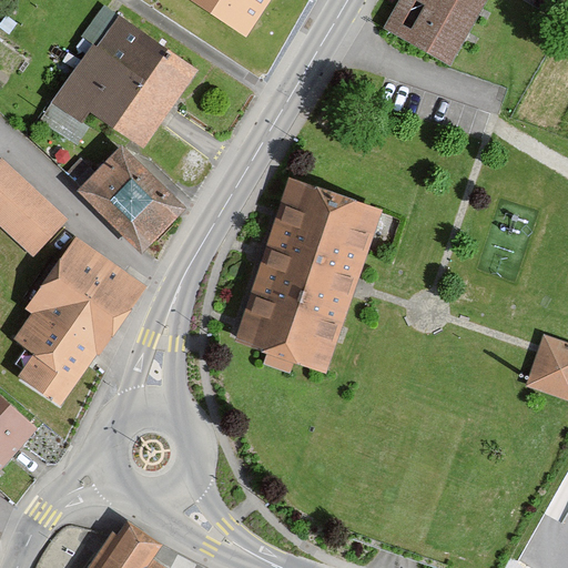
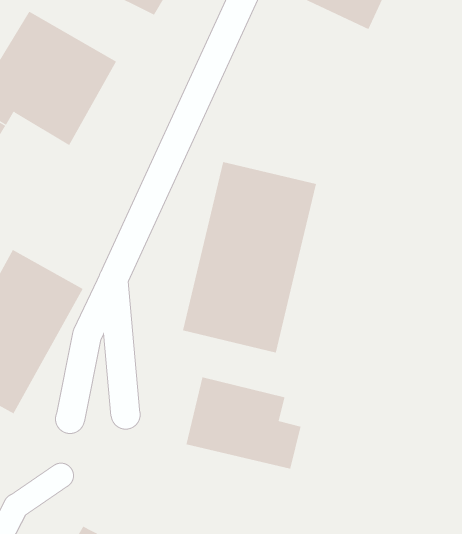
building: [80,150,185,252] -> none
building: none -> [186,377,301,470]

